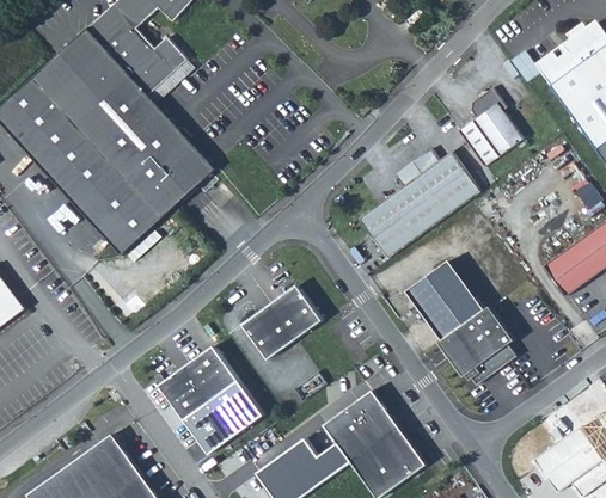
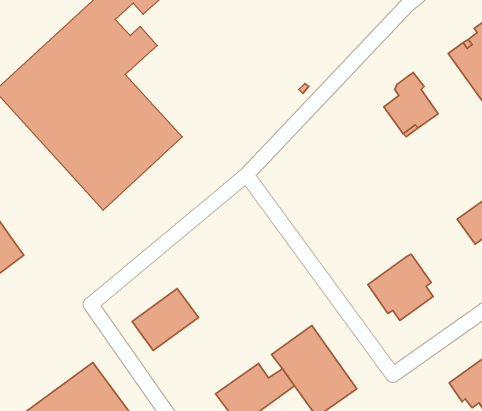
building: [361,148,479,256] -> none
building: [408,260,485,339] -> none
building: [241,285,320,358] -> none
building: [183,381,262,455] -> none

